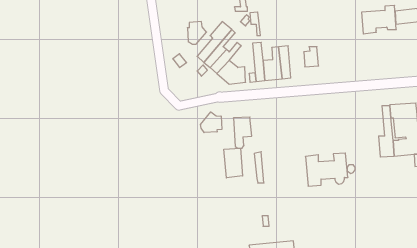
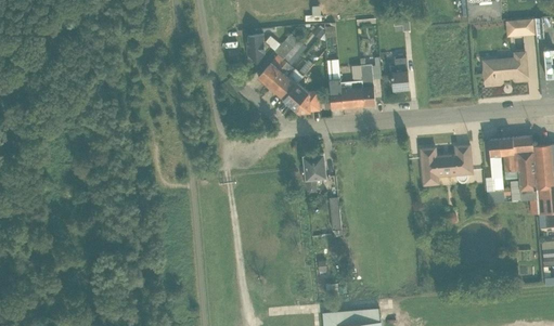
building: [362,5,396,34] -> [484,51,527,87]
building: [201,112,222,133] -> none
building: [224,148,243,178] -> none
building: [305,153,348,186] -> [420,145,473,186]

